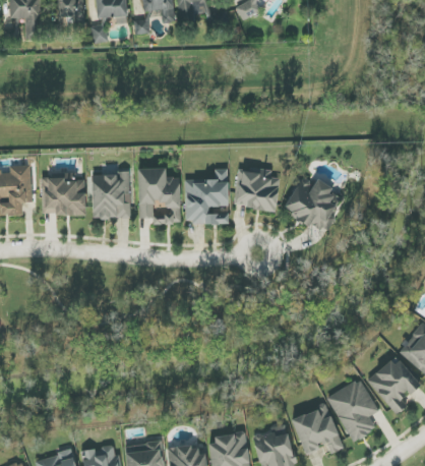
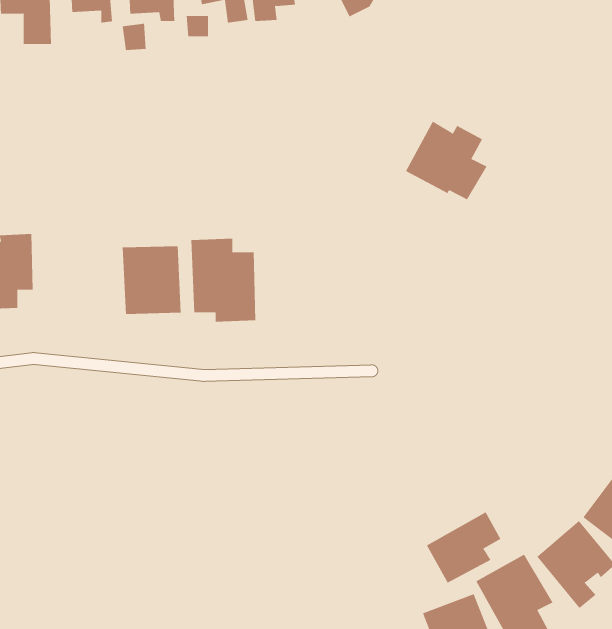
building: [234,167,279,211] -> none
building: [184,168,228,223] -> none
building: [42,174,84,214] -> none
building: [282,175,337,228] -> [405,121,487,200]
building: none -> [426,511,501,584]

